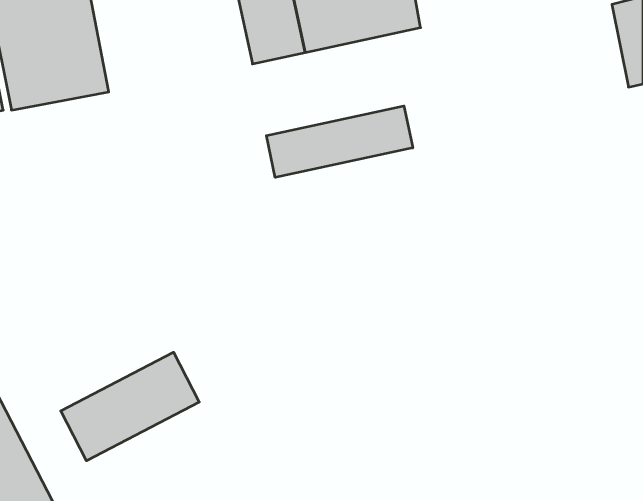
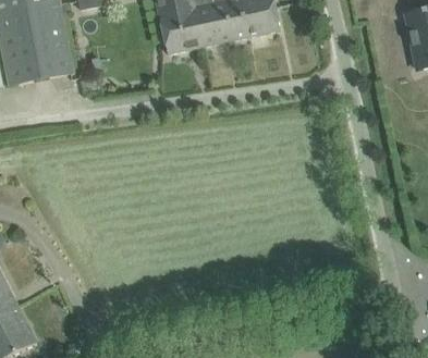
building: [266,106,413,177] -> none
building: [61,352,199,461] -> none

